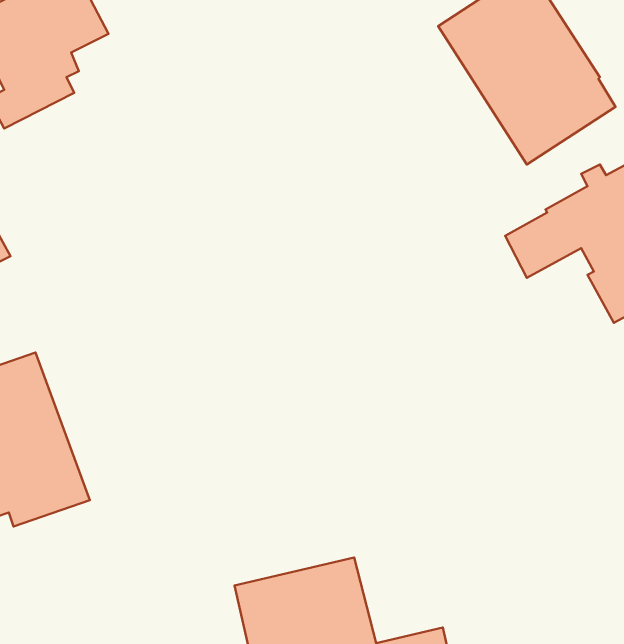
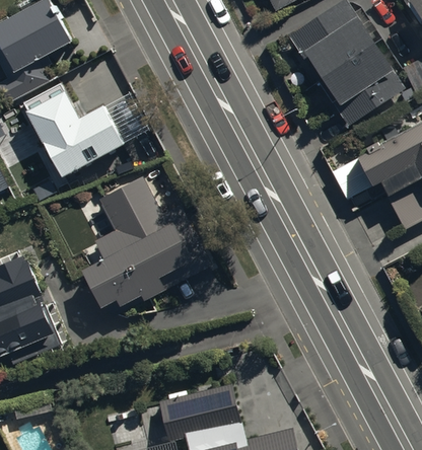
building: none -> [20,86,125,180]
building: none -> [68,177,212,306]

